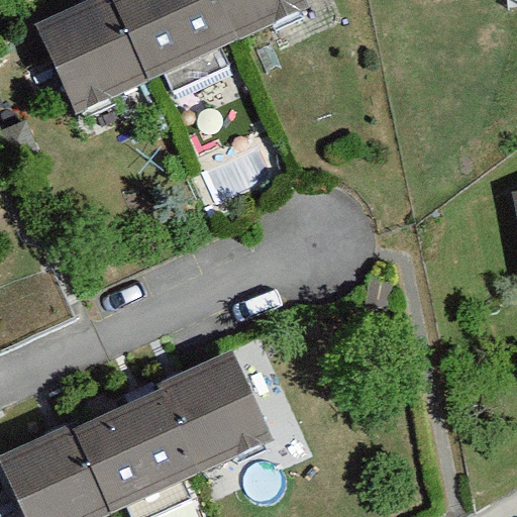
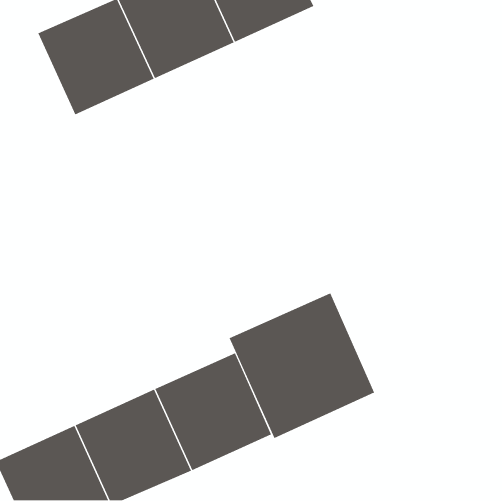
building: none -> [229,293,375,439]

